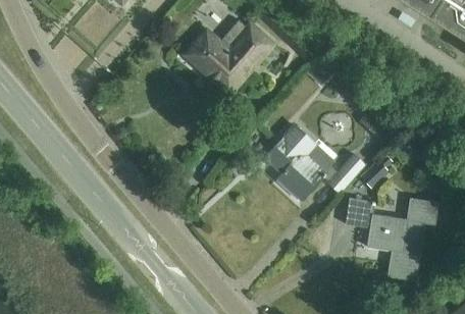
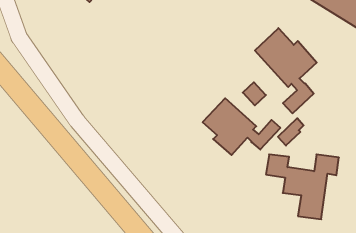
building: [185,19,272,94] -> none
building: none -> [255,28,317,113]

